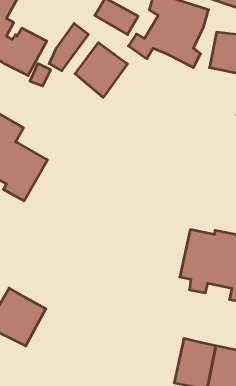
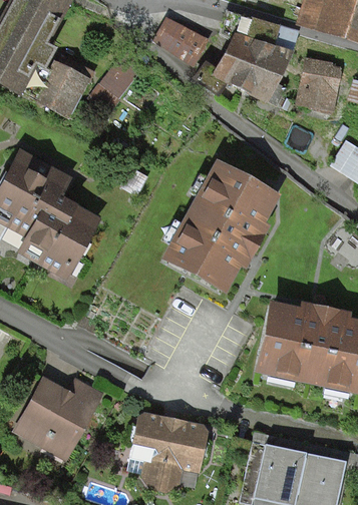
building: [75,43,127,97] -> none
building: none -> [169,166,271,285]
building: none -> [131,413,206,491]

